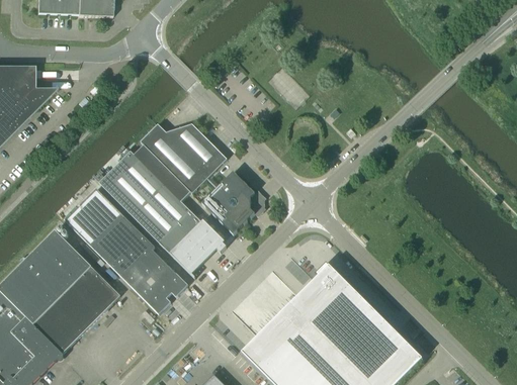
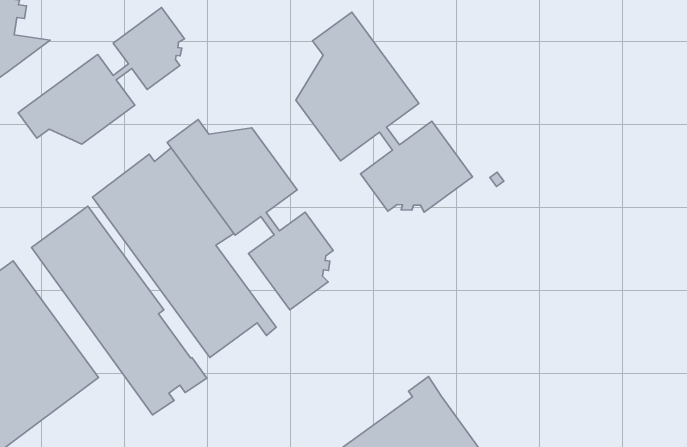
building: none -> [296,12,472,212]
building: none -> [18,8,185,144]

